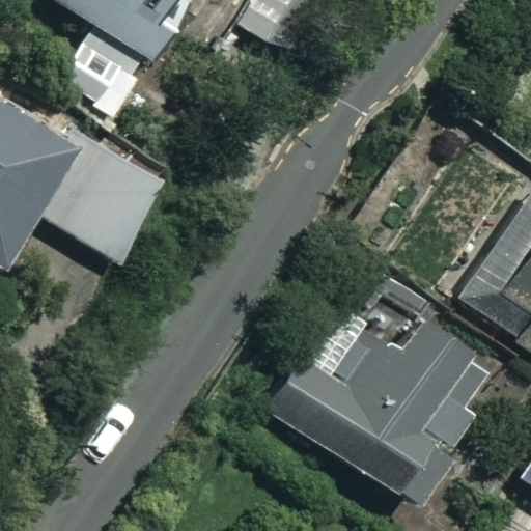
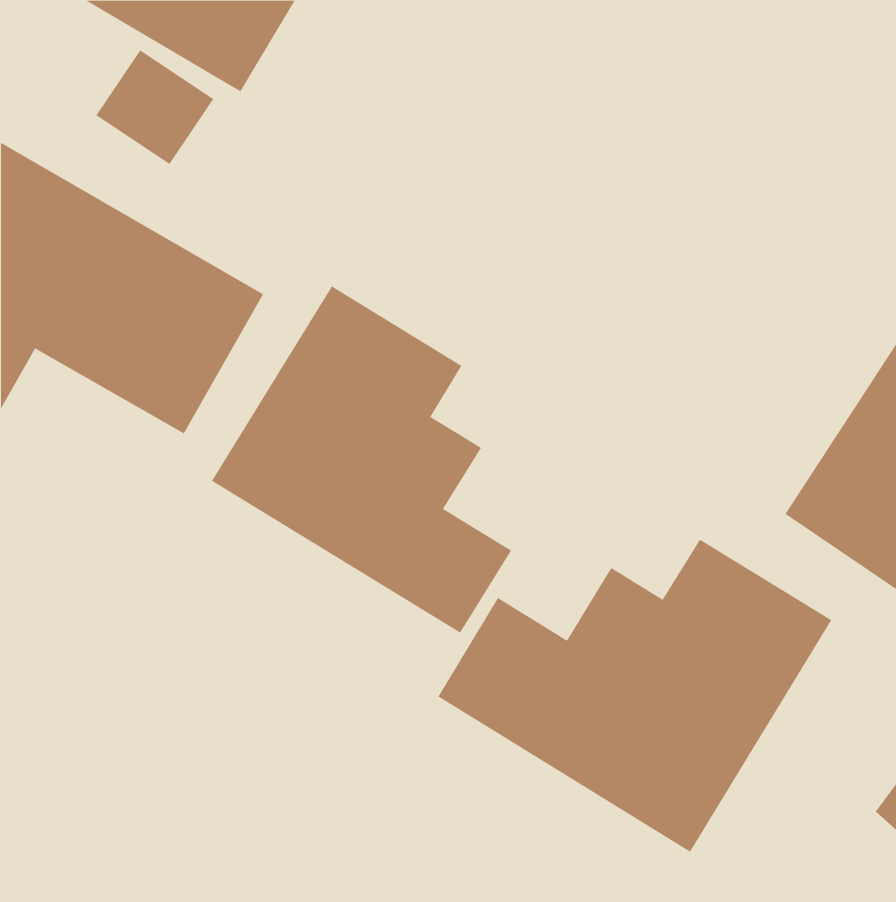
building: none -> [211,285,512,634]

